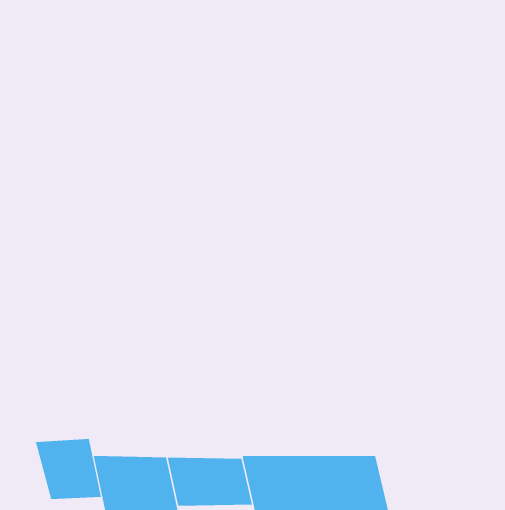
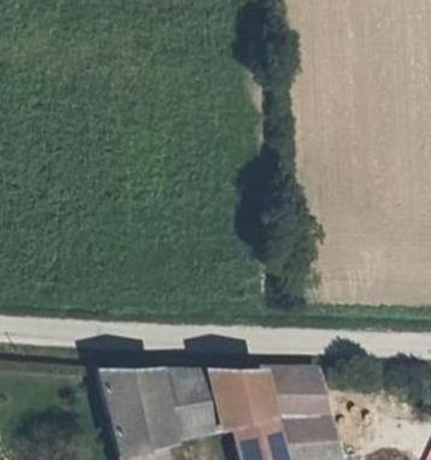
building: [35,438,102,500] -> none

